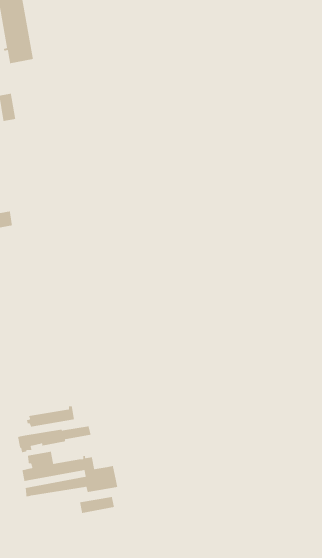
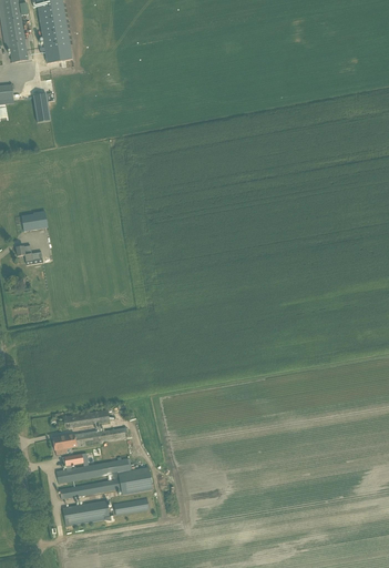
building: none -> [63,499,111,525]

